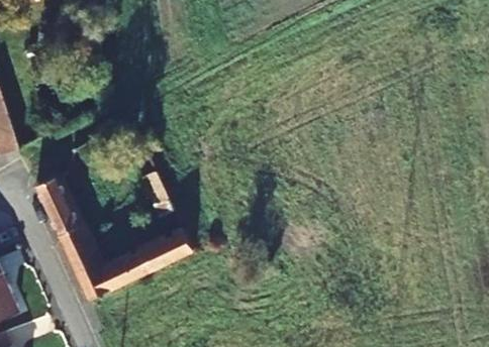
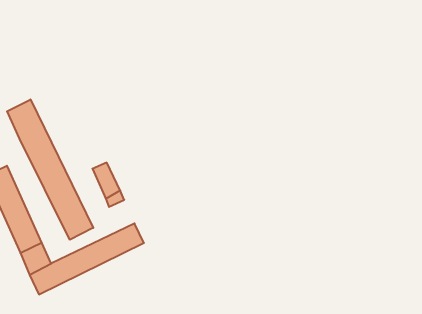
building: none -> [7,99,93,240]

